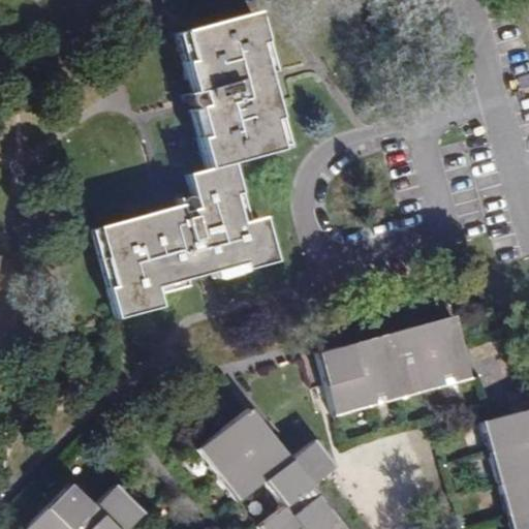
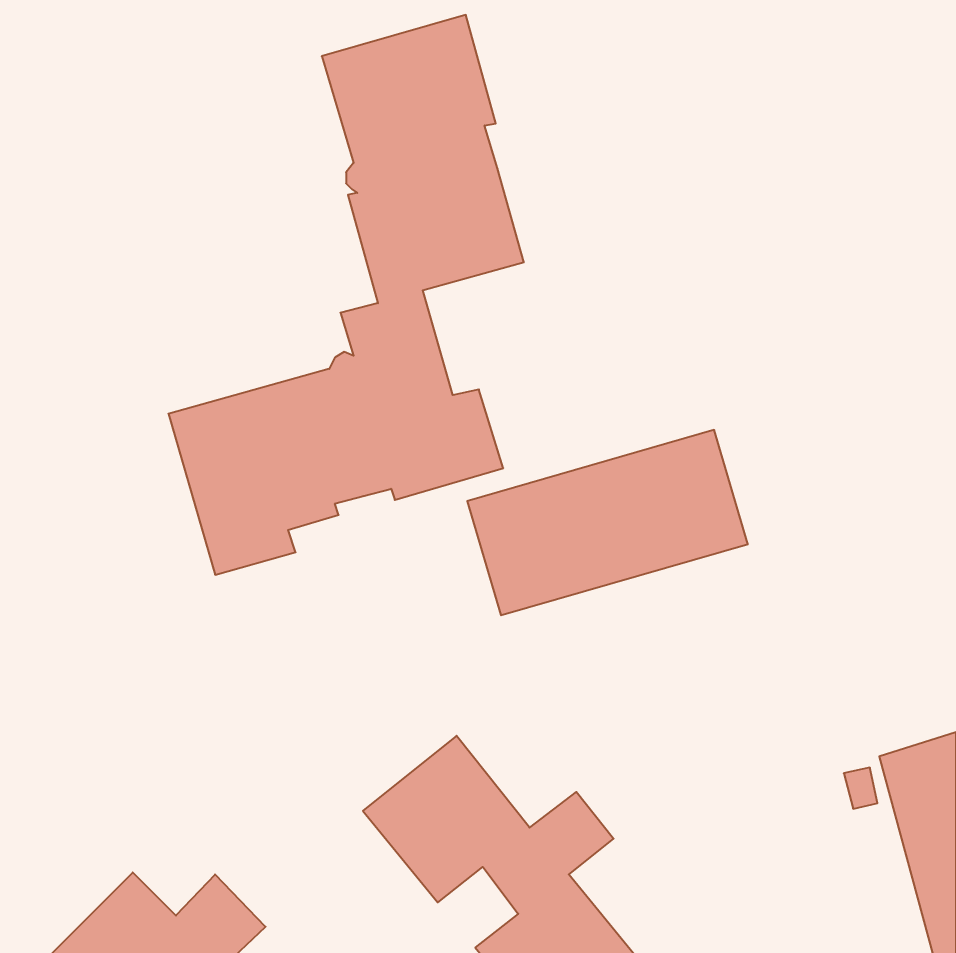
building: [319,313,474,415] -> [467,430,748,615]

